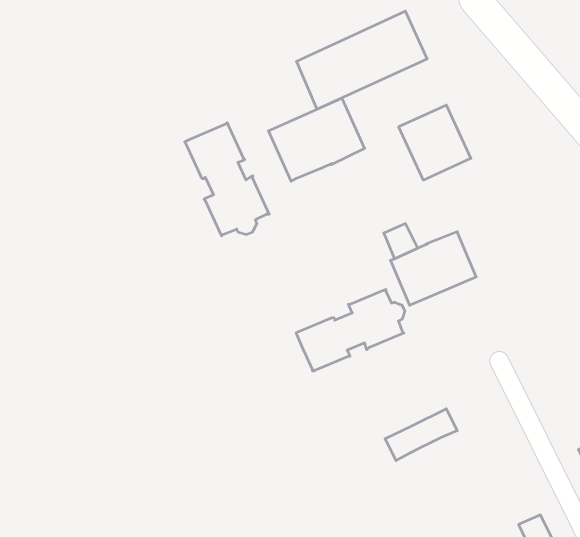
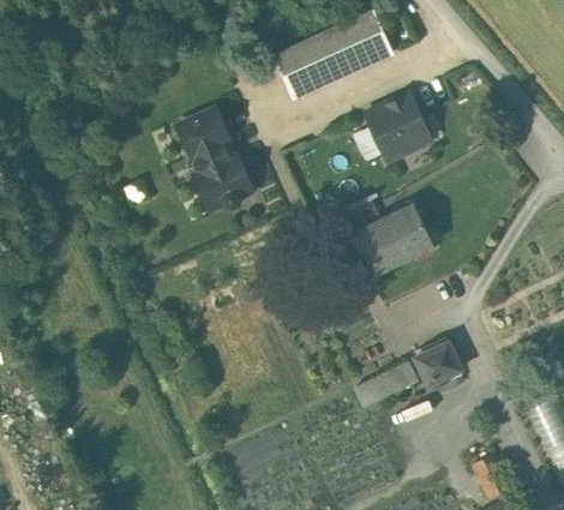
building: [268,98,365,181] -> none
building: [296,289,405,371] -> none
building: none -> [414,343,458,384]

